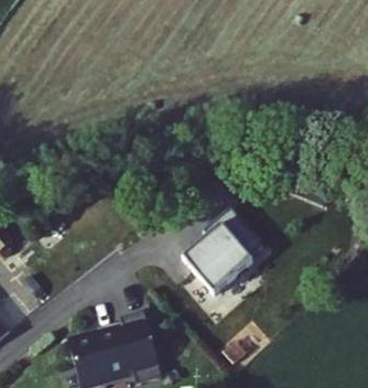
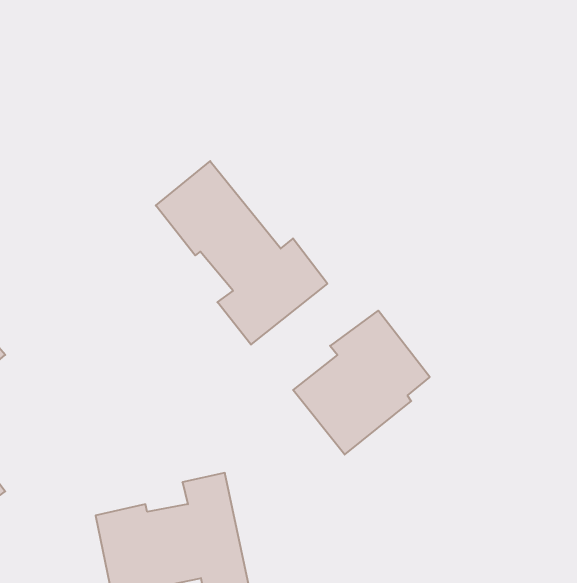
building: none -> [156,161,327,345]

